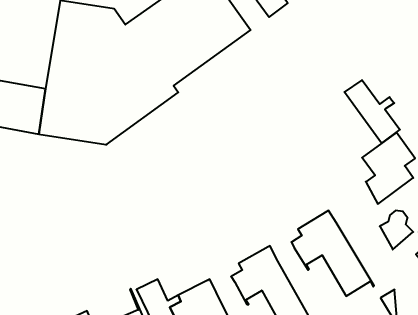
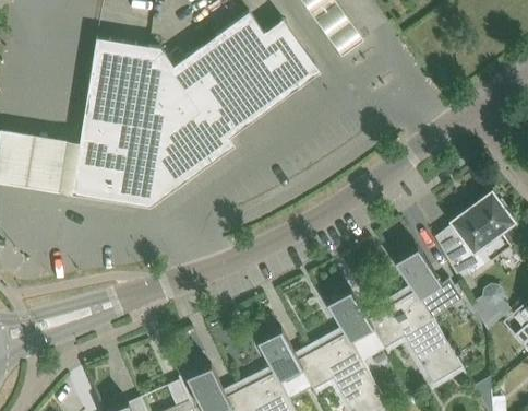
building: [344,80,400,143] -> none
building: none -> [394,248,441,300]
building: none -> [326,291,380,342]
building: none -> [256,330,310,381]

